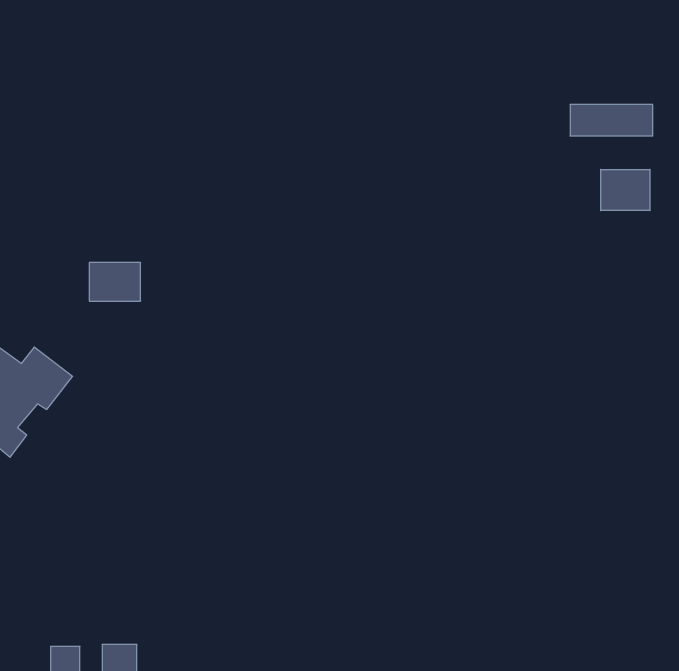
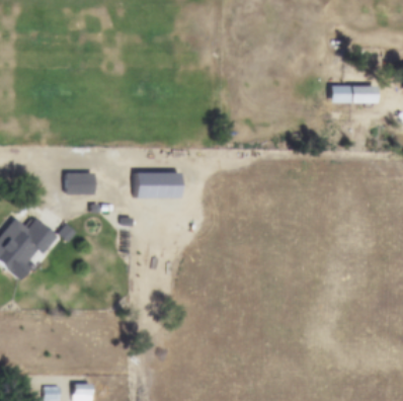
building: [601,169,650,211] -> none
building: none -> [136,174,180,196]

